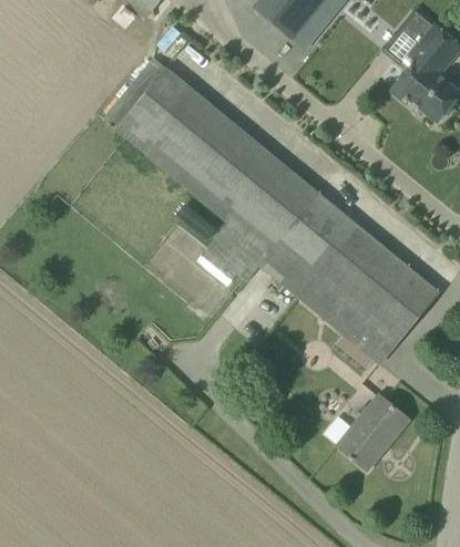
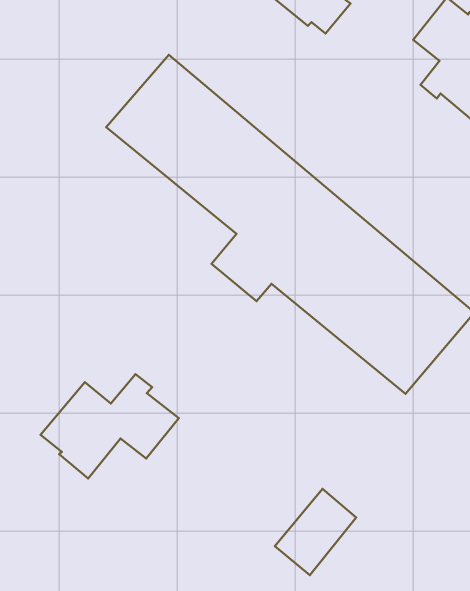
building: none -> [41,374,179,479]
building: [336,395,408,472] -> [275,489,356,575]

